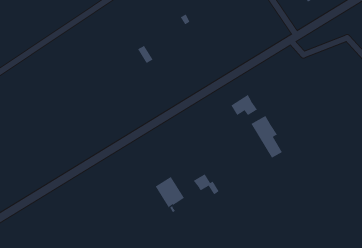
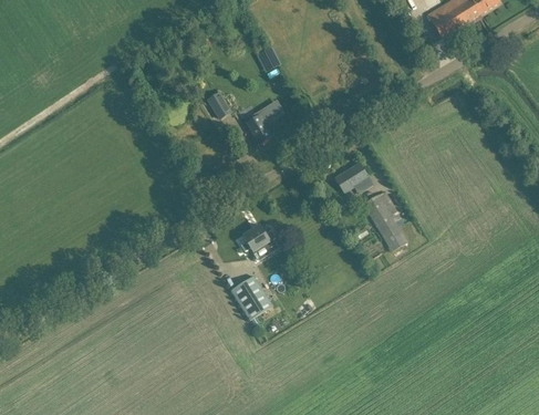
building: none -> [248,102,284,143]
building: [193,173,219,195] -> [243,226,280,256]

